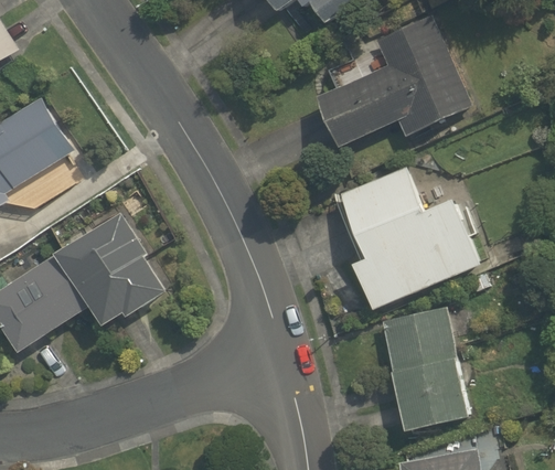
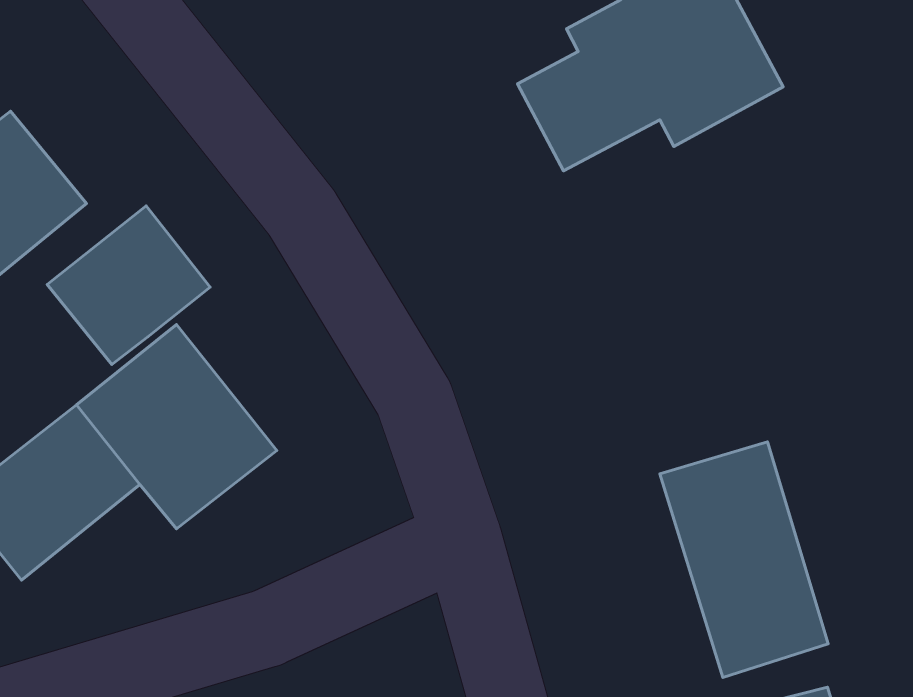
building: none -> [47,206,210,364]
building: [341,162,478,313] -> none

